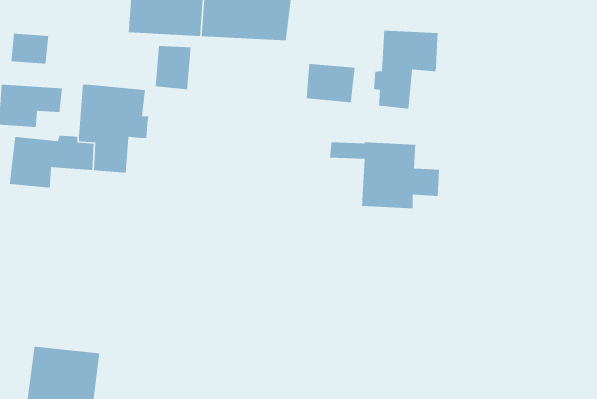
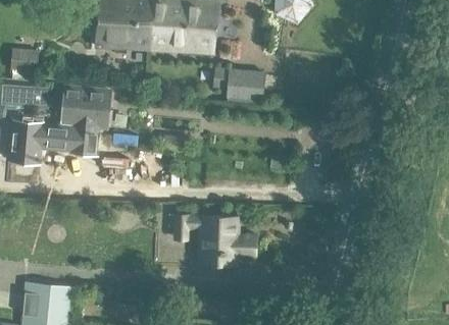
building: [373,30,439,109] -> none
building: [155,45,191,90] -> none
building: [329,142,440,209] -> [174,214,256,264]

